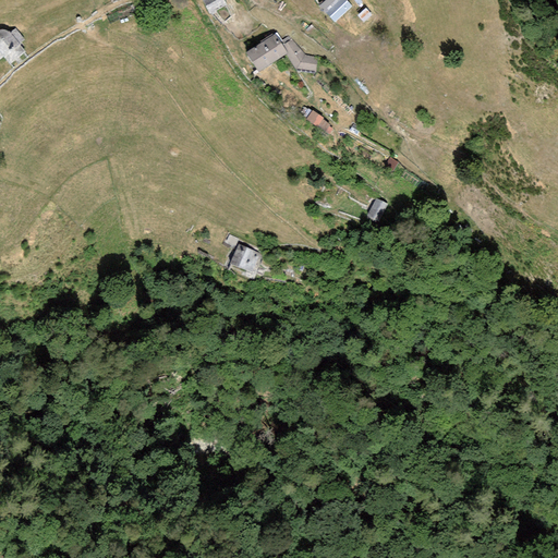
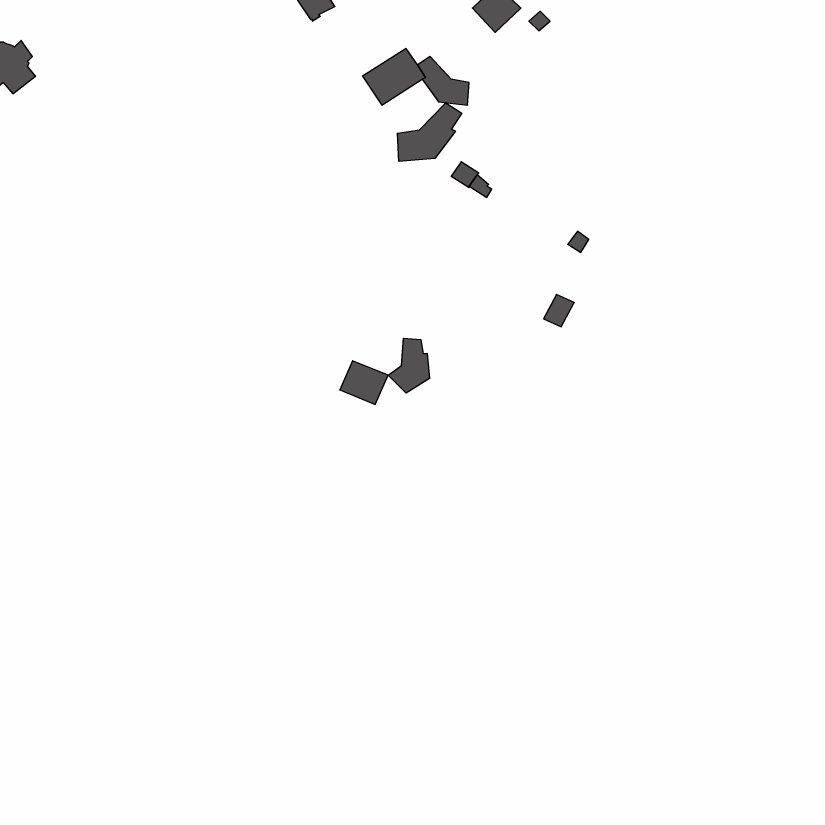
building: none -> [397,103,462,161]
building: none -> [388,338,430,393]

